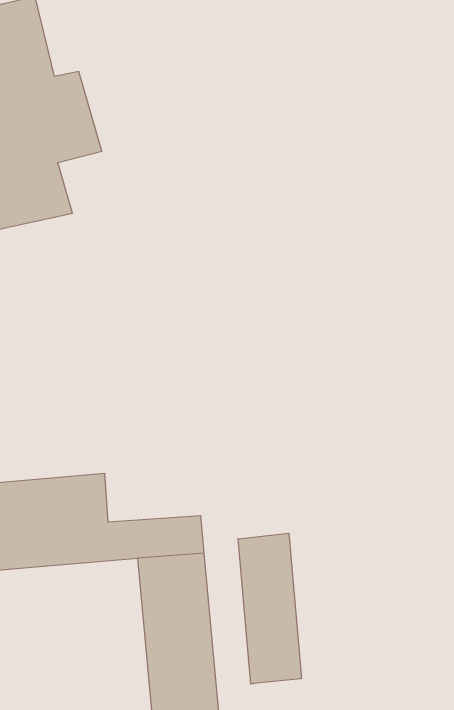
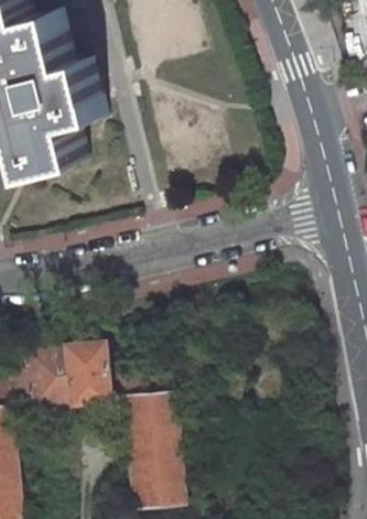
building: [238,533,302,684] -> none

